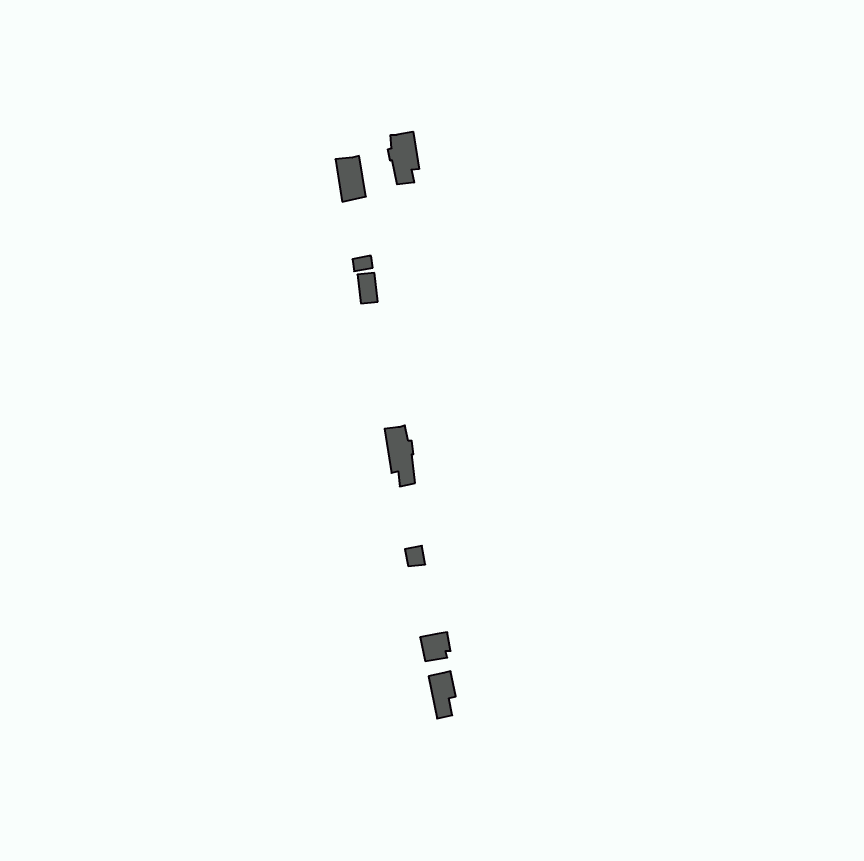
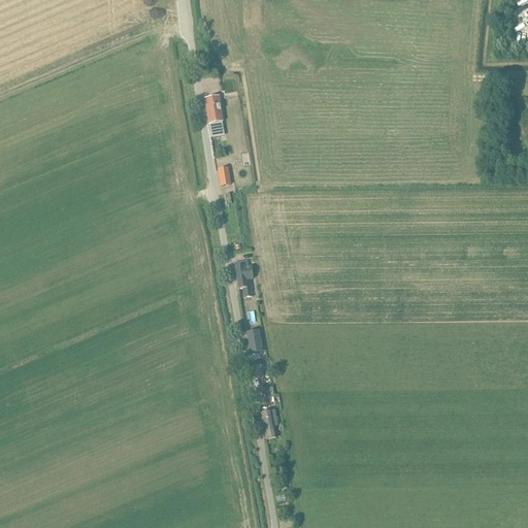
building: [388,132,419,184] -> none

